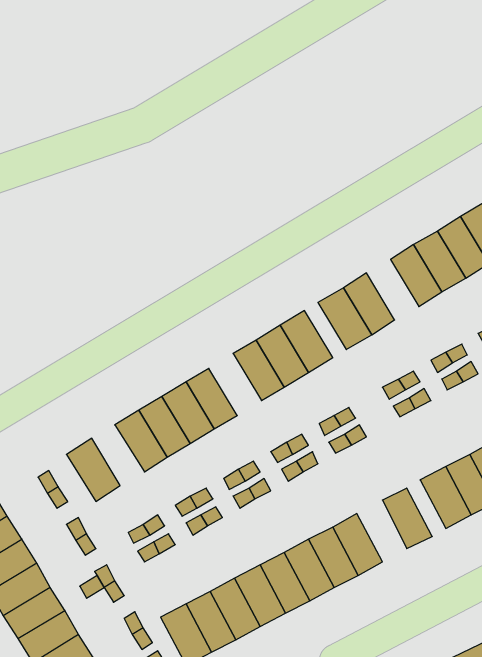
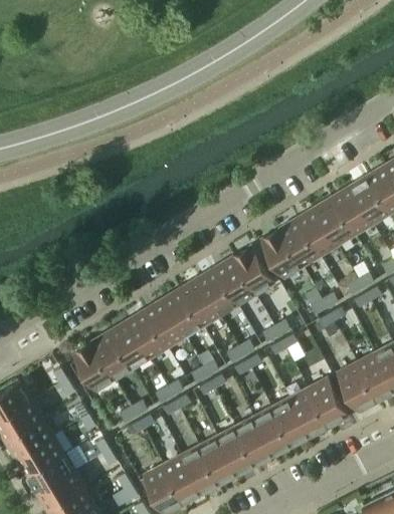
building: none -> [297,209,336,254]
building: none -> [179,279,218,325]
building: none -> [91,332,131,377]
building: none -> [289,389,327,435]

